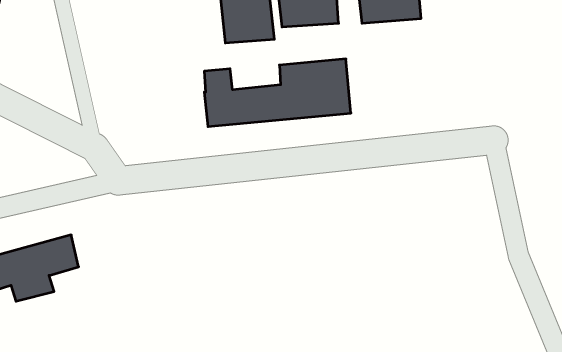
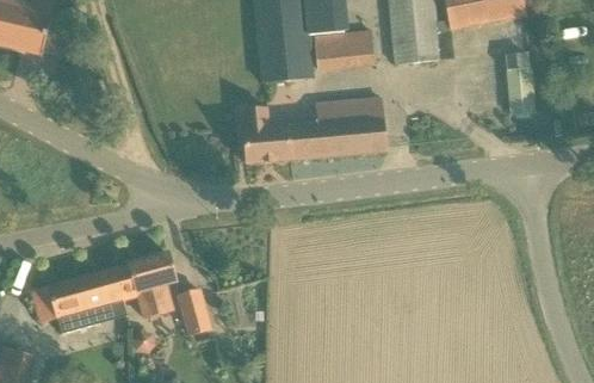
building: none -> [506,52,533,113]
building: none -> [115,253,175,317]
building: none -> [179,290,210,334]

